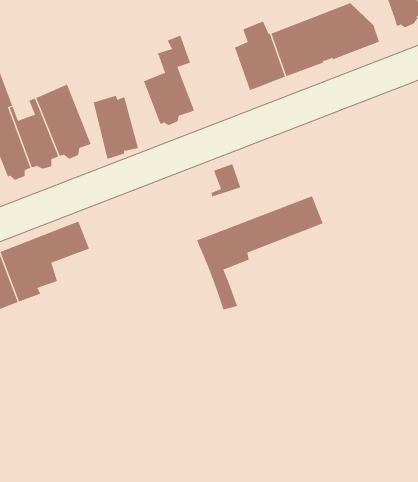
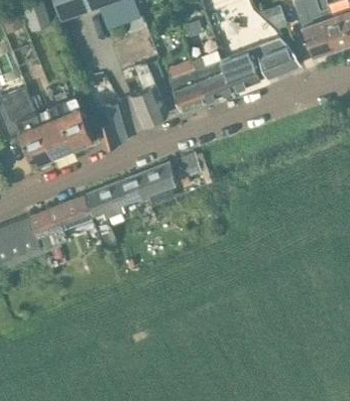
building: none -> [169,71,207,112]
building: [196,196,324,310] -> [86,162,178,245]

